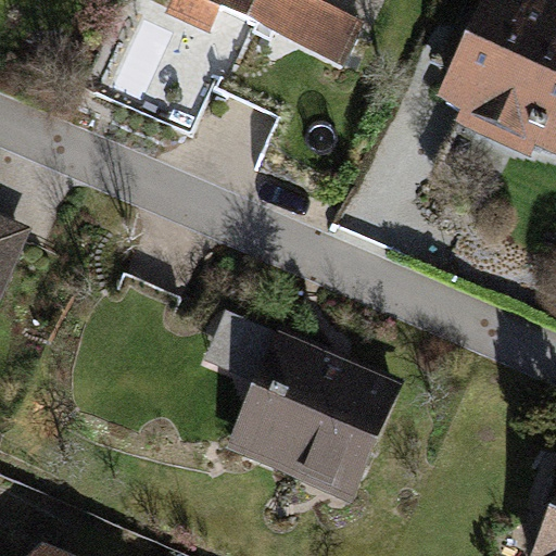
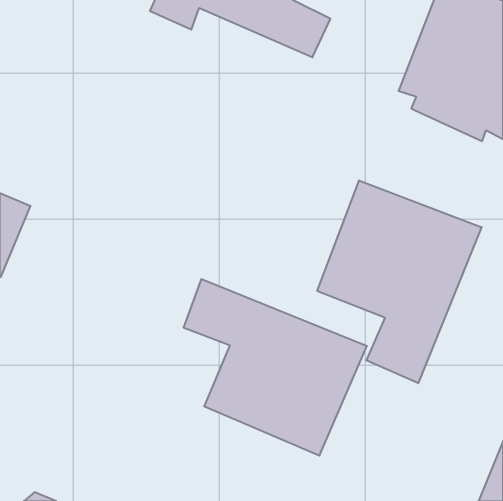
building: none -> [317,180,482,383]

